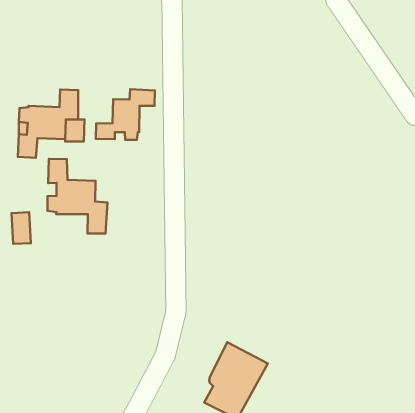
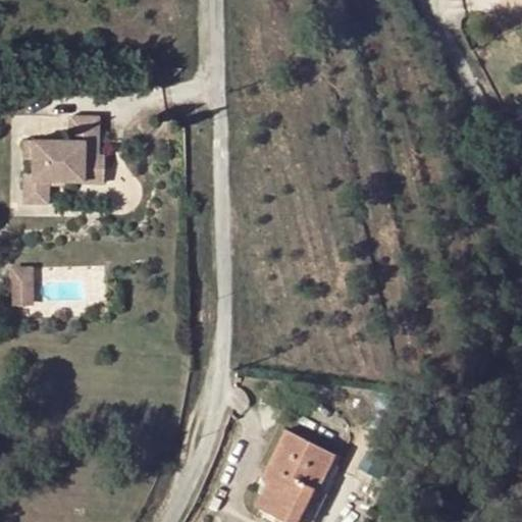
building: [96,89,155,140] -> none
building: [47,159,108,234] -> none

